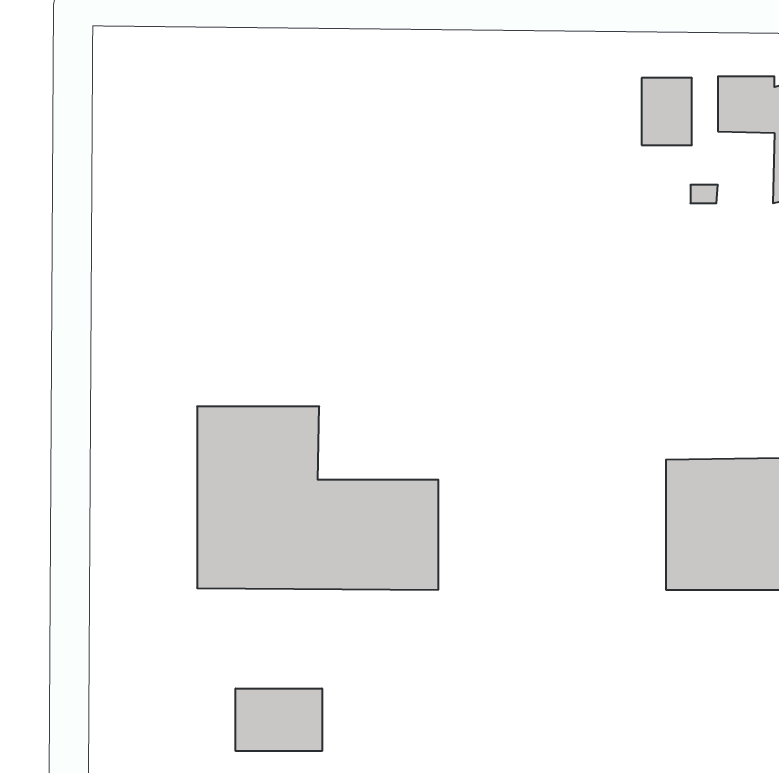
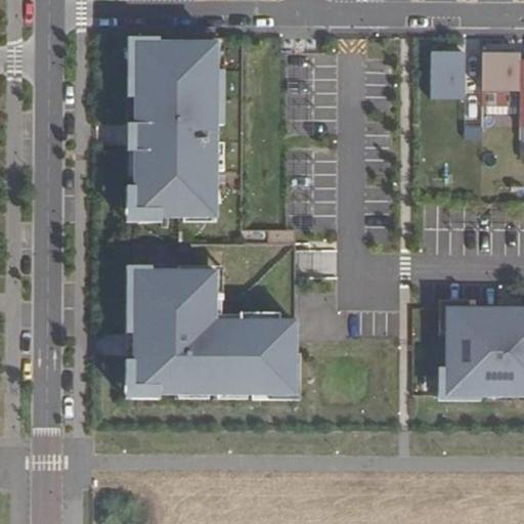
building: none -> [133,42,215,218]
building: [236,688,322,751] -> none

